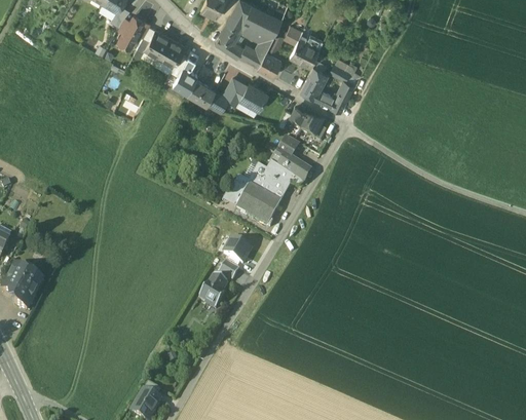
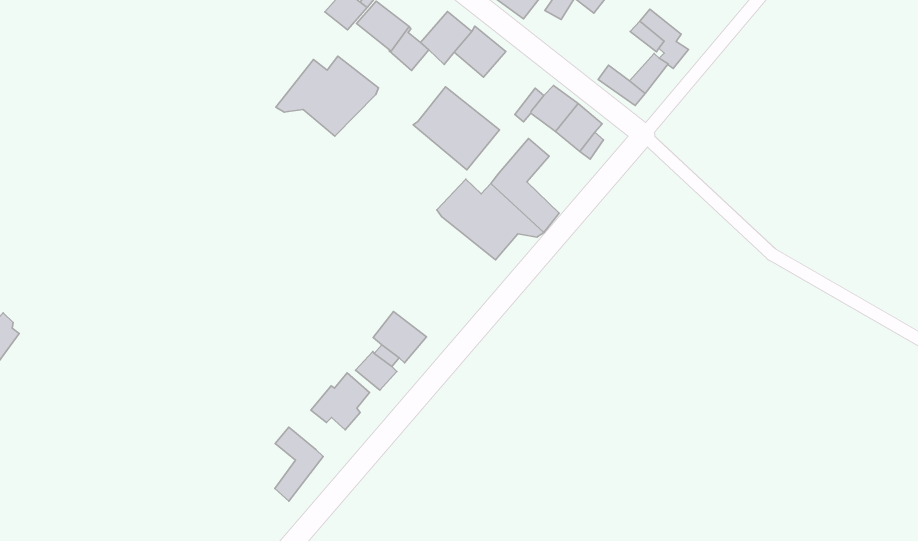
building: [300,68,326,99] -> none
building: none -> [276,56,378,136]
building: [235,186,280,227] -> [413,87,499,170]
building: none -> [275,427,323,501]

